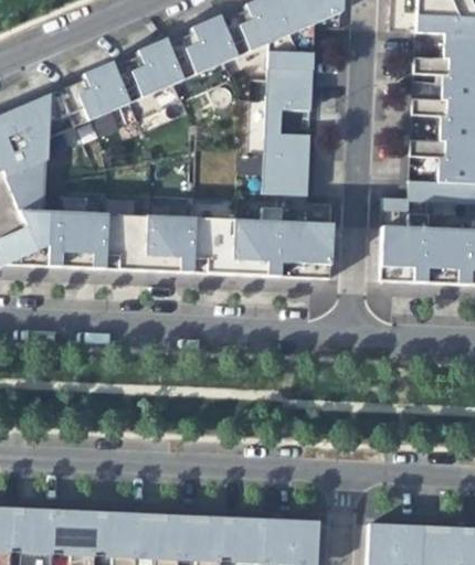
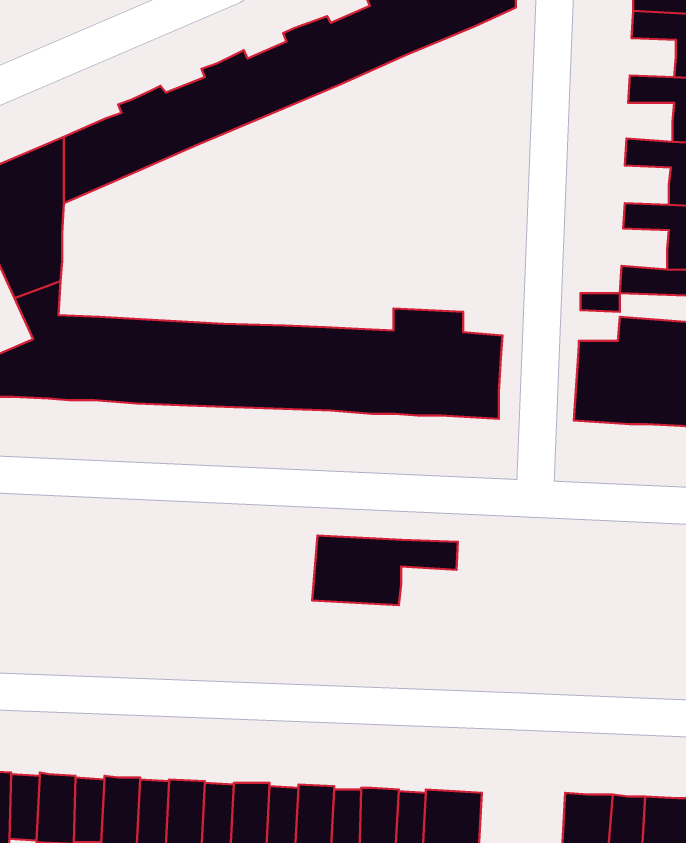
building: [263,11,341,194] -> none
building: none -> [312,535,458,605]

